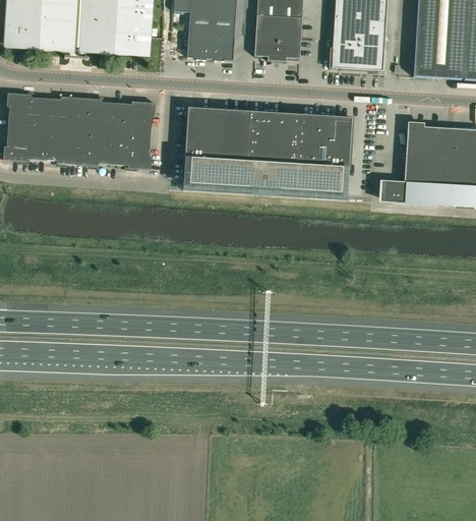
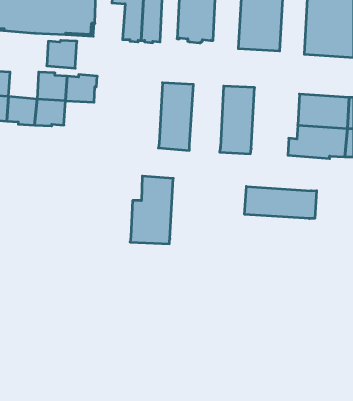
building: [44,97,81,131] -> [47,40,77,68]
building: [182,108,236,192] -> [130,176,173,244]
building: [270,113,312,197] -> none
building: [113,133,152,169] -> none
building: none -> [245,186,317,219]

